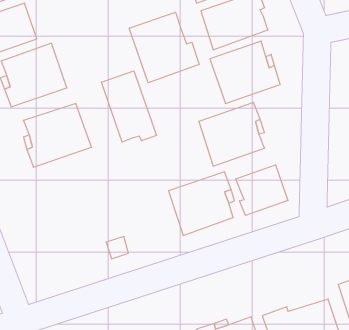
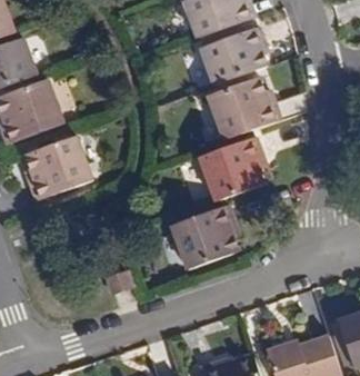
building: [129,12,199,83] -> none
building: [102,71,156,142] -> none
building: [236,165,288,215] -> none

